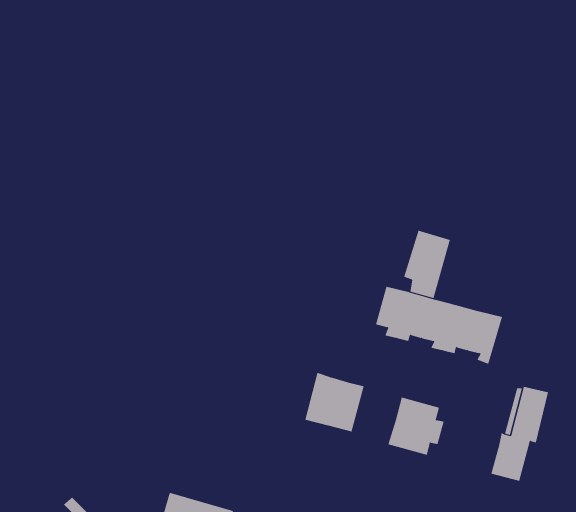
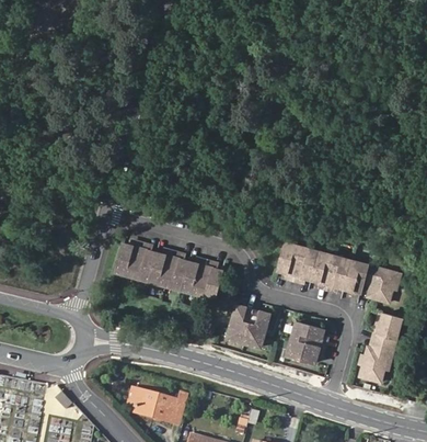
building: [404,230,451,299] -> none
building: none -> [116,239,222,297]
building: none -> [365,260,397,301]

